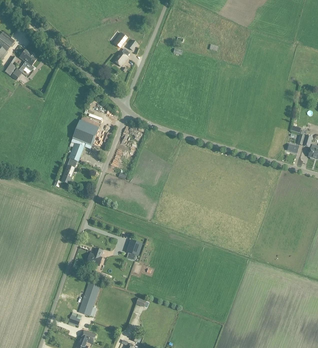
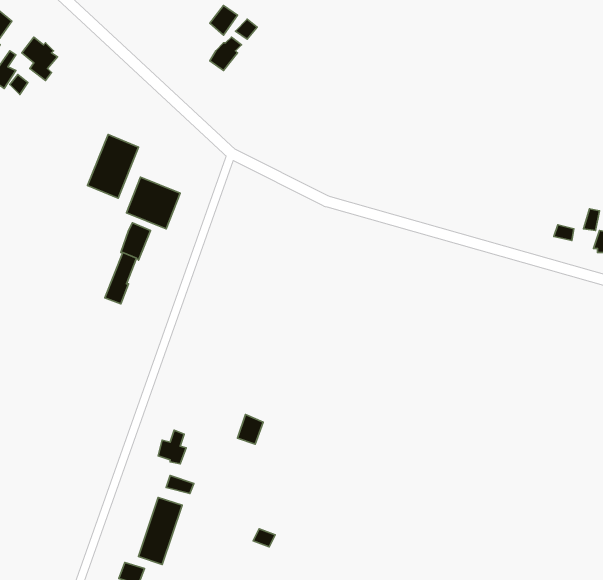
building: none -> [88,134,139,198]

